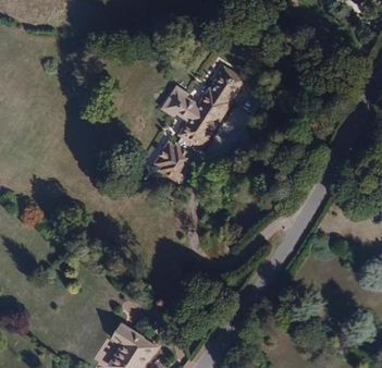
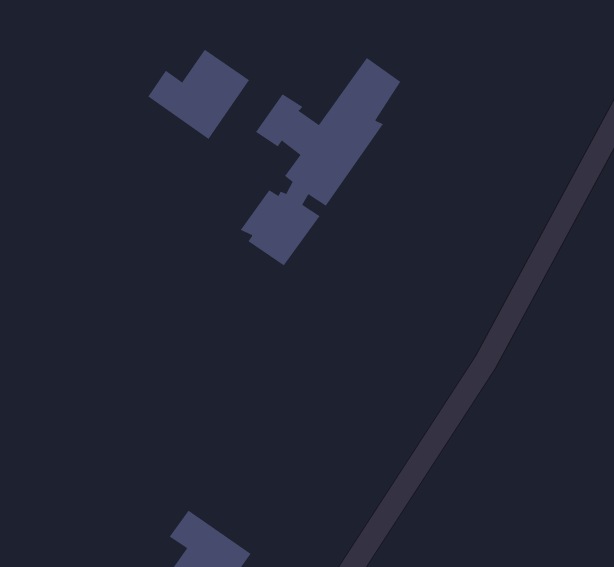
building: none -> [147,49,250,140]

